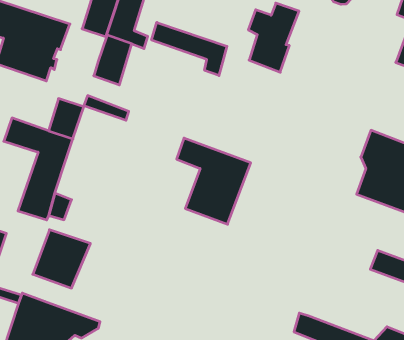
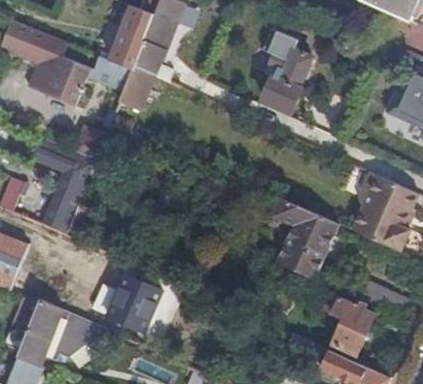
building: [152,22,227,76] -> none
building: none -> [89,55,132,91]
building: [177,138,251,224] -> [271,196,339,278]
building: [33,230,90,288] -> [107,275,162,330]
building: none -> [324,294,374,356]

